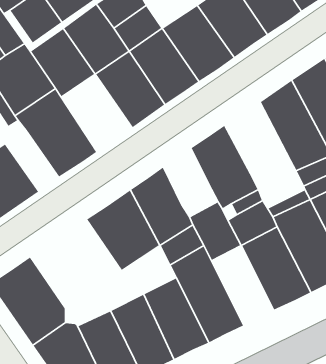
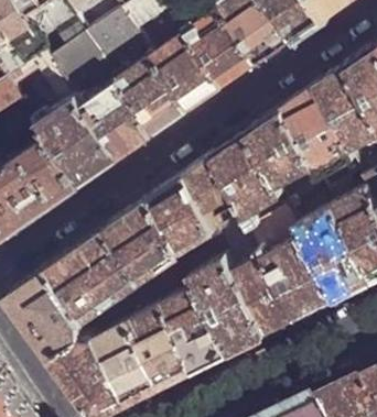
building: none -> [76,86,148,164]
building: none -> [240,113,306,190]
building: none -> [20,142,74,204]
building: none -> [179,160,227,217]
building: none -> [45,231,137,320]
building: none -> [227,257,290,338]

